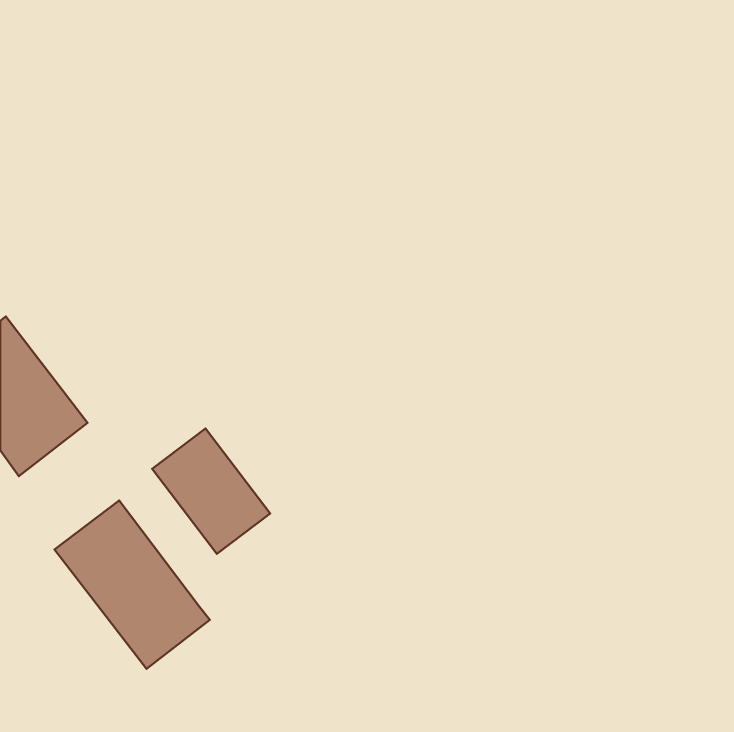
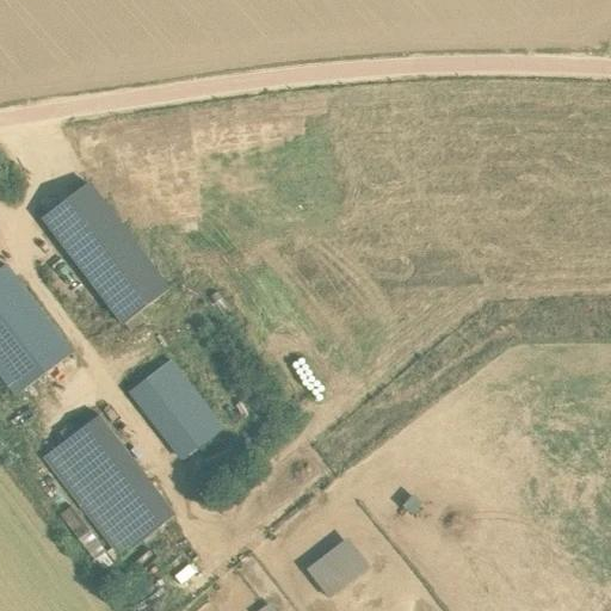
building: none -> [42,181,169,323]
building: none -> [307,536,369,595]

